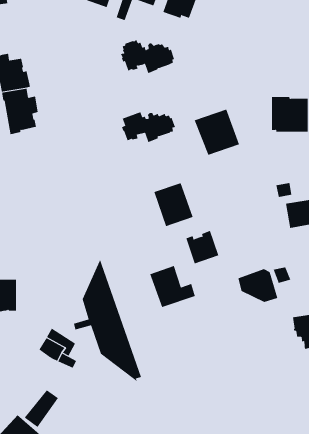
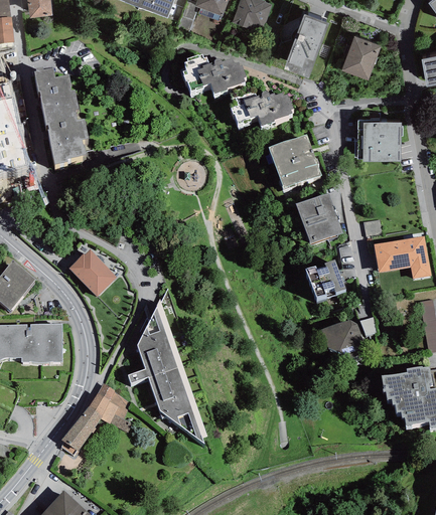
building: none -> [284,12,329,77]
building: none -> [341,34,381,78]
building: [121,111,176,143] -> [231,89,294,125]
building: [153,182,193,227] -> [296,191,342,242]
building: none -> [68,254,116,301]
building: [185,230,219,264] -> [306,258,345,297]
building: [149,265,196,308] -> none
building: [24,390,59,428] -> [61,411,102,456]

